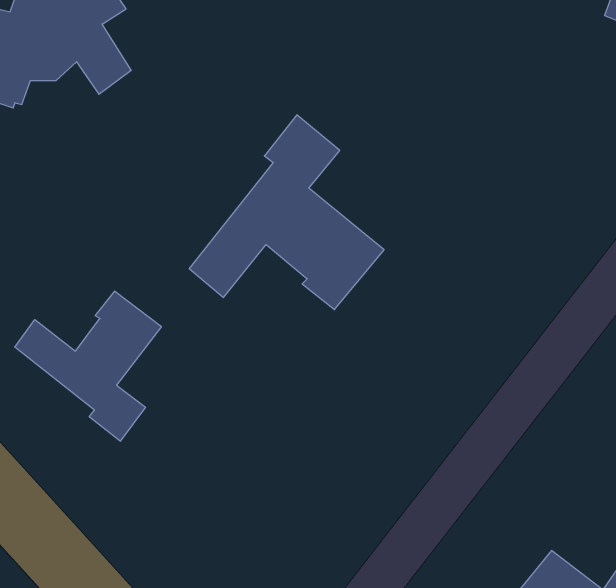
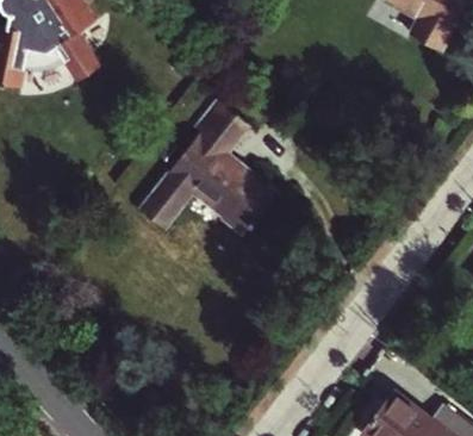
building: [15,291,161,441] -> none

